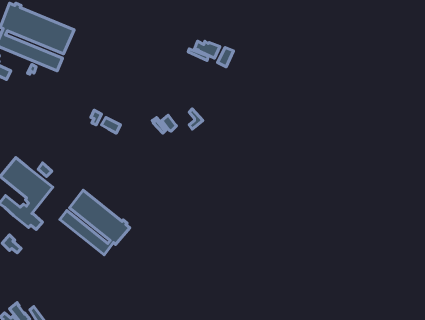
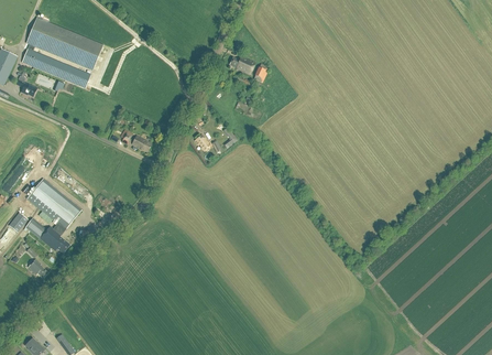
building: [60,190,130,255] -> none

